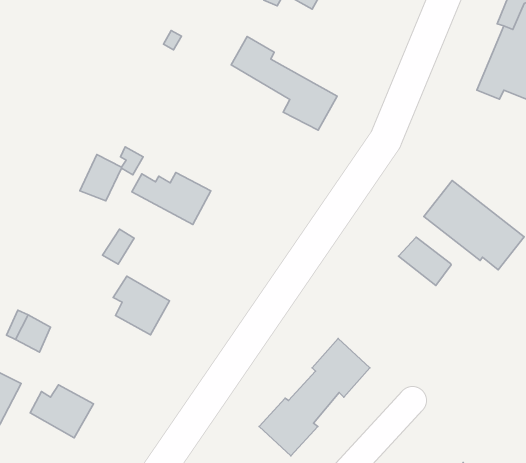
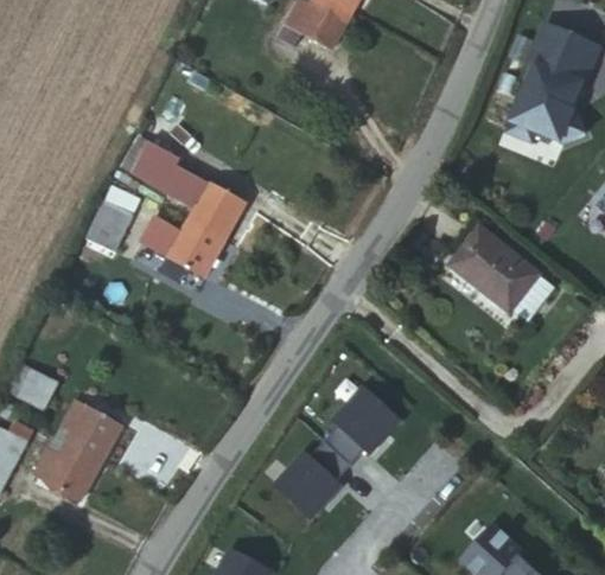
building: [231,36,337,130] -> [134,140,246,238]
building: [398,237,451,286] -> none
building: [113,276,170,335] -> [63,401,122,462]

